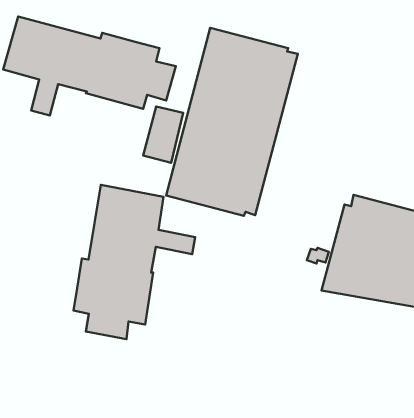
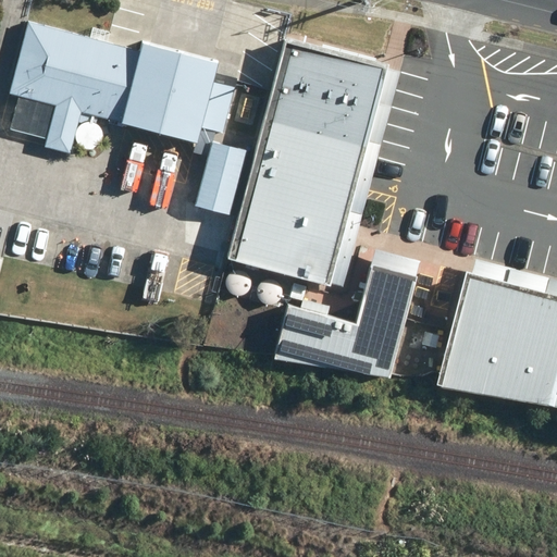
building: [74,185,195,339] -> none
building: none -> [274,248,420,379]

